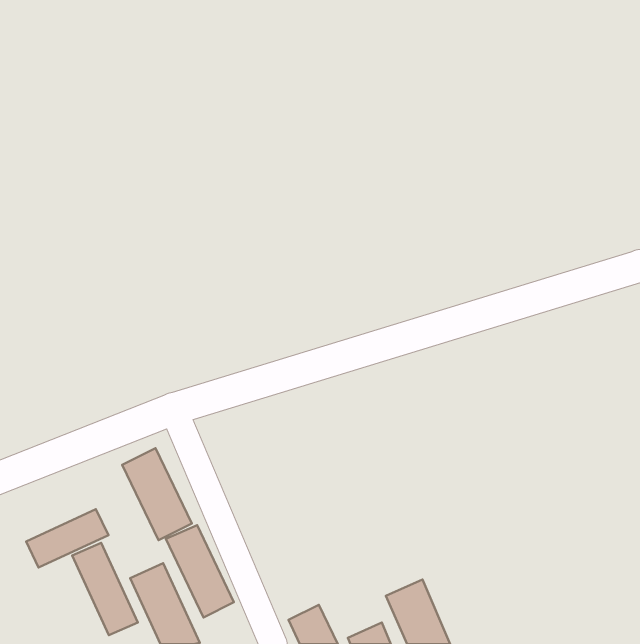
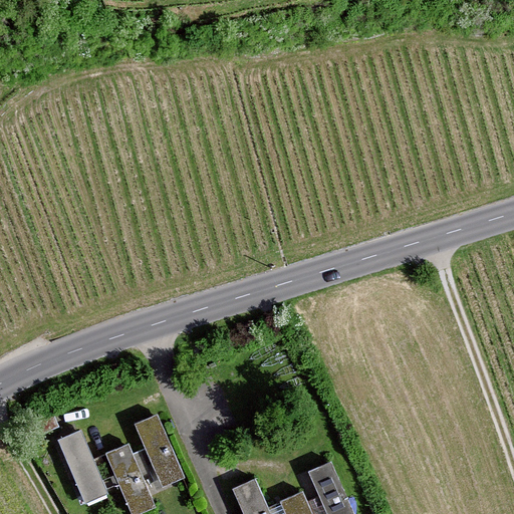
building: [122,448,192,540] -> none
building: [26,509,109,567] -> none

